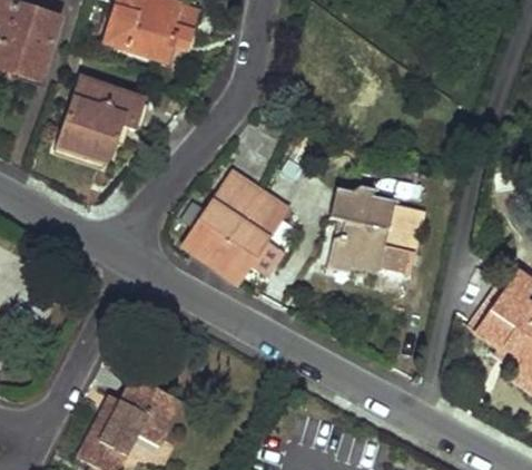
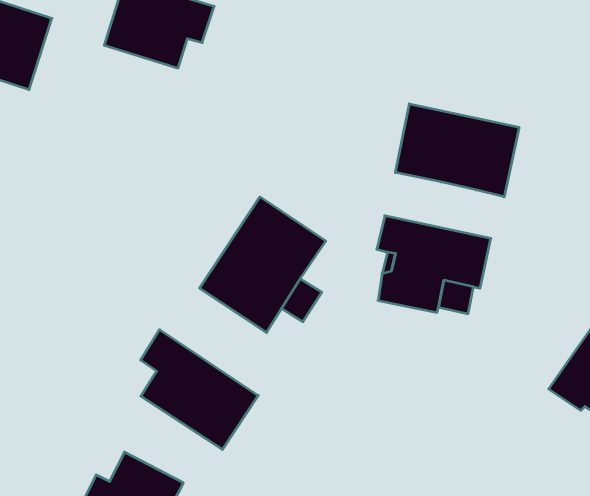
building: [60,79,145,158] -> none
building: none -> [395,104,519,197]
building: none -> [141,330,258,450]

